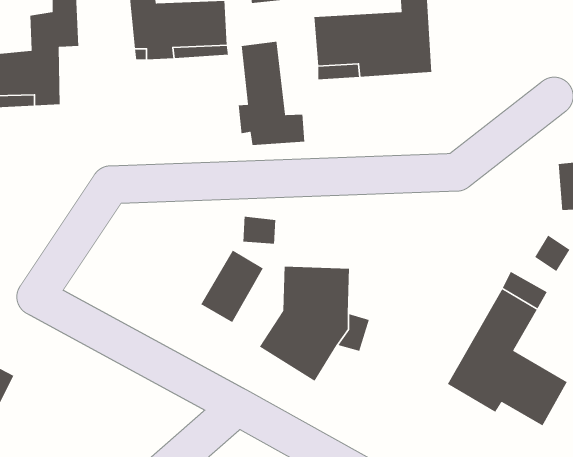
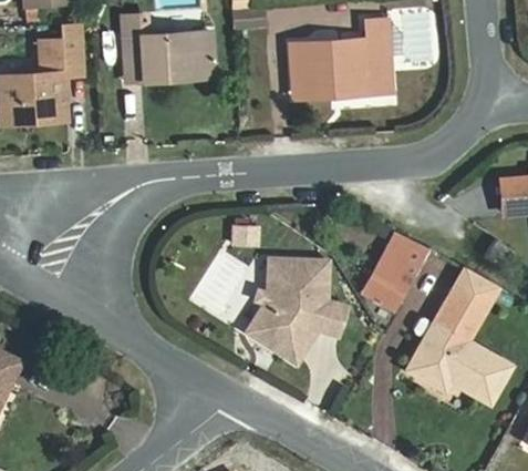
building: [238,41,305,146] -> none
building: none -> [367,236,428,306]

